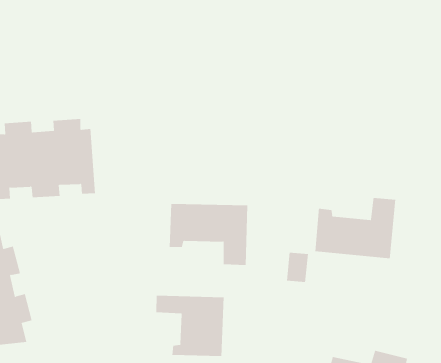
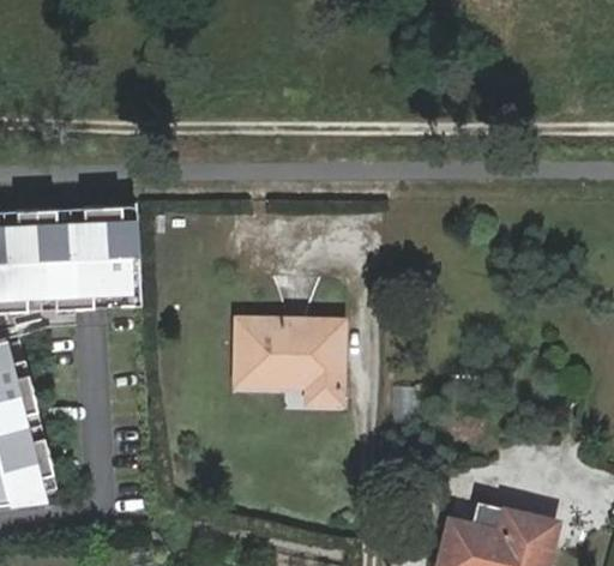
building: [315,197,396,259] -> none
building: [156,295,224,357] -> none

